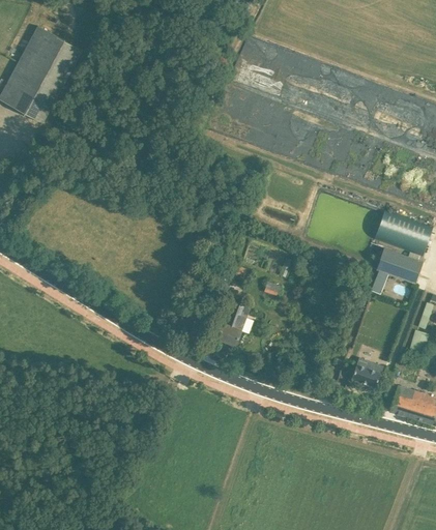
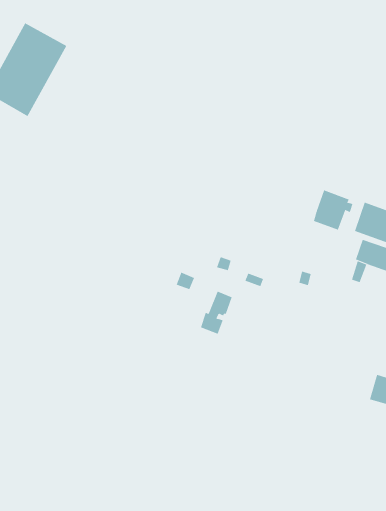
building: none -> [313,190,353,230]
building: [351,358,382,387] -> none

